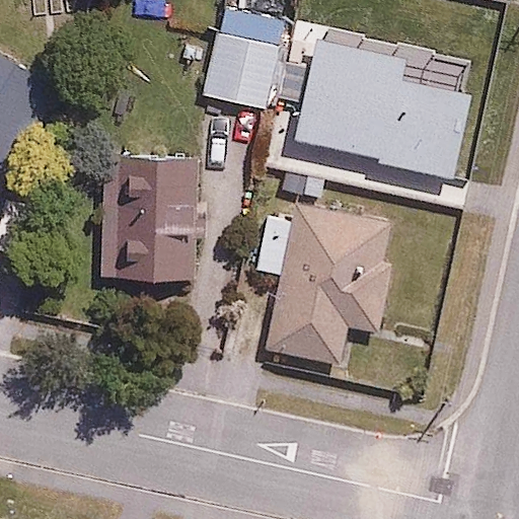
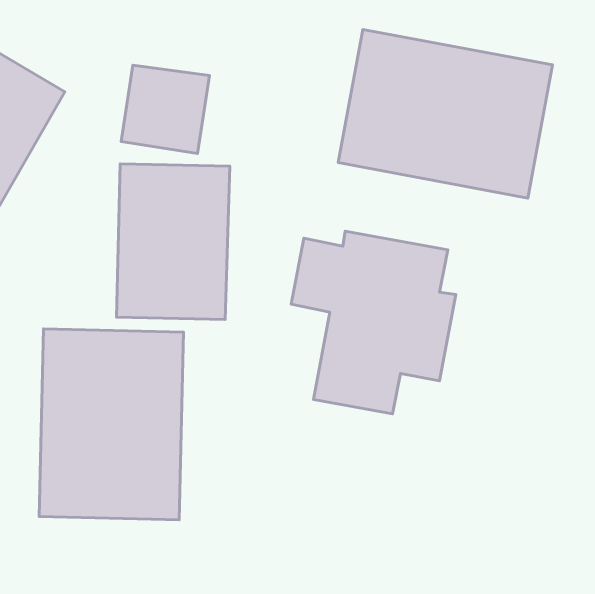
building: [200,33,276,109] -> [121,65,209,153]
building: none -> [39,329,184,520]

